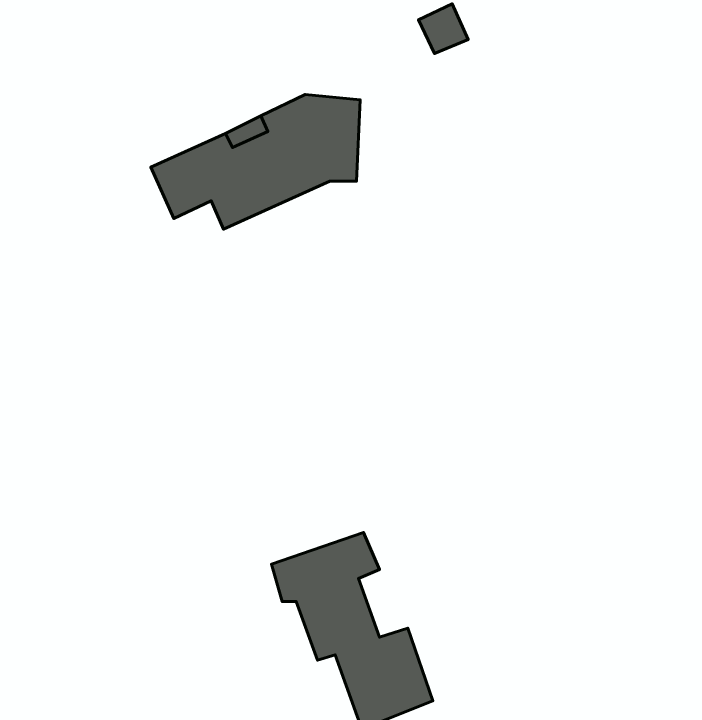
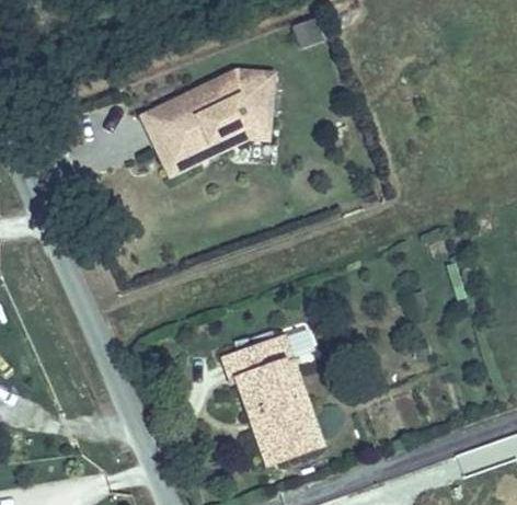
building: none -> [158,120,271,171]

